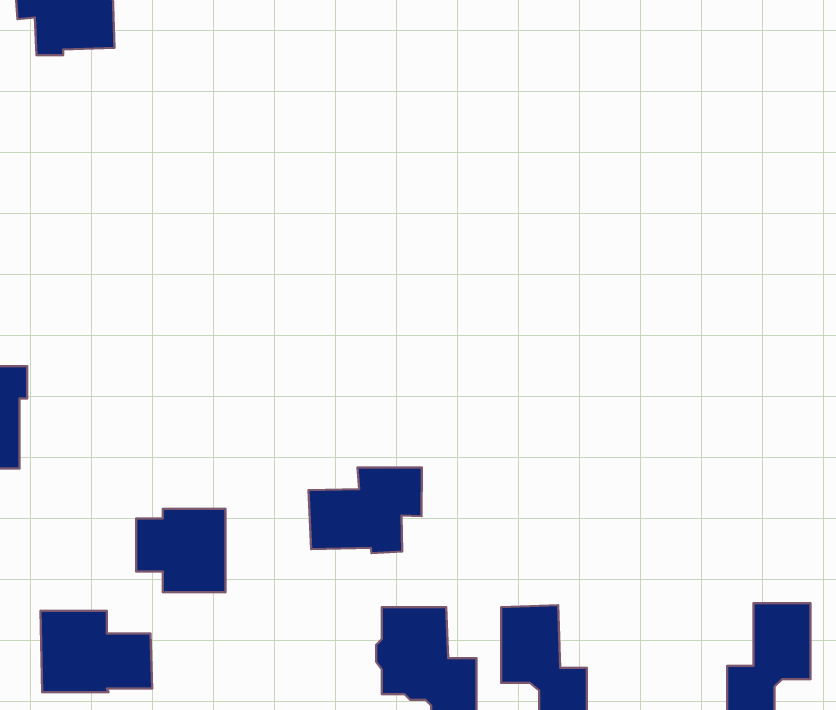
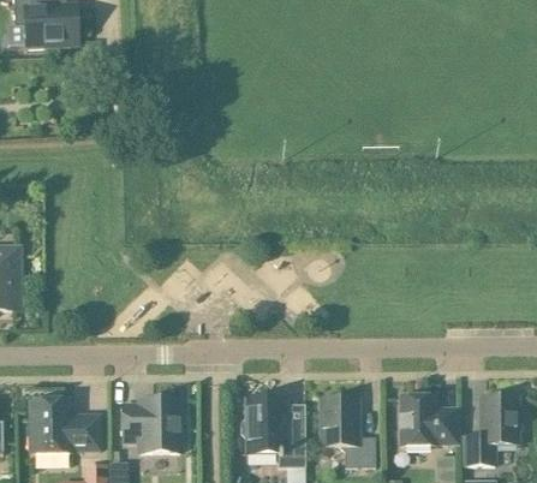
building: [308,468,422,553] -> none
building: [136,509,225,592] -> [123,398,179,451]
building: none -> [400,395,457,443]

